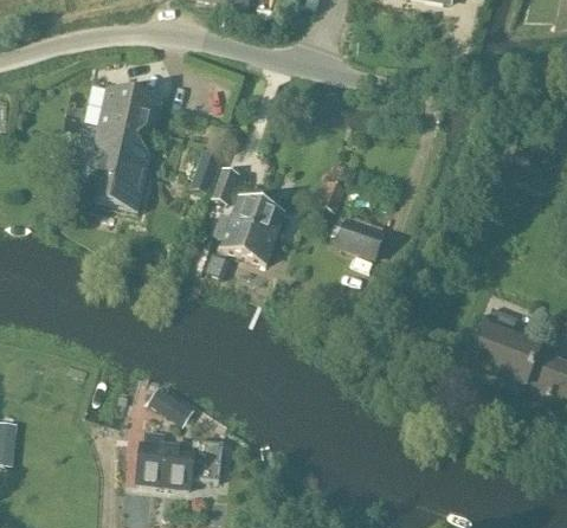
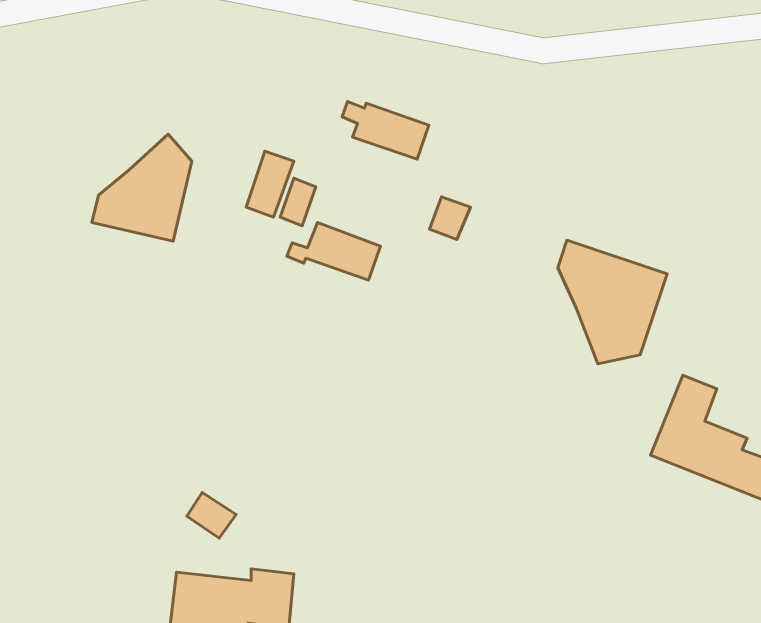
building: [94,84,165,160] -> none
building: none -> [558,240,667,364]
building: [214,220,275,260] -> [342,101,429,159]
building: [340,220,382,255] -> none

